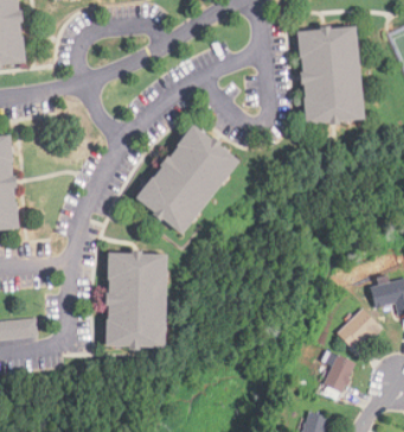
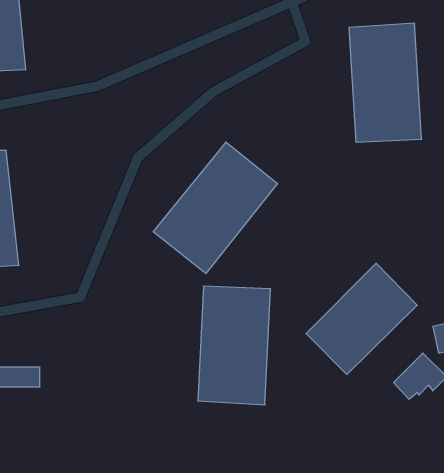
building: none -> [306,263,417,374]
building: [104,253,166,354] -> [198,286,271,405]
building: [325,351,355,390] -> none

